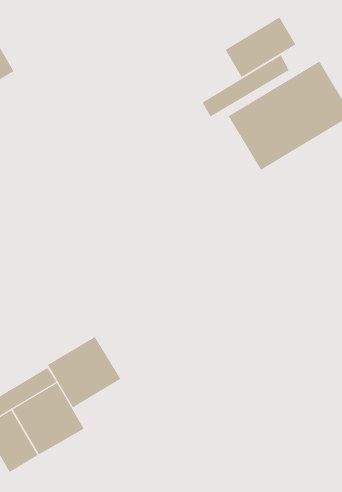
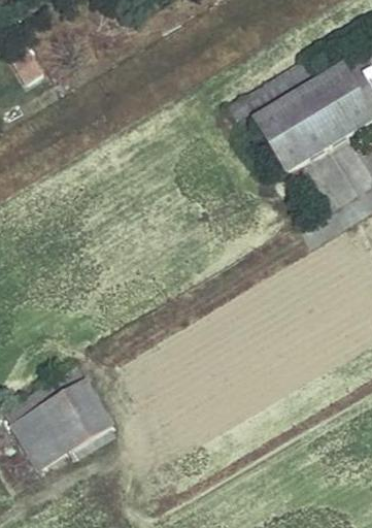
building: [225,17,296,78] -> none
building: [47,336,121,408] -> none

